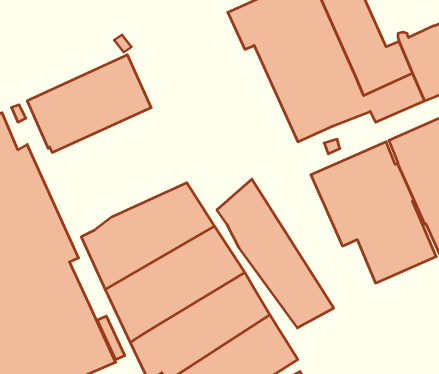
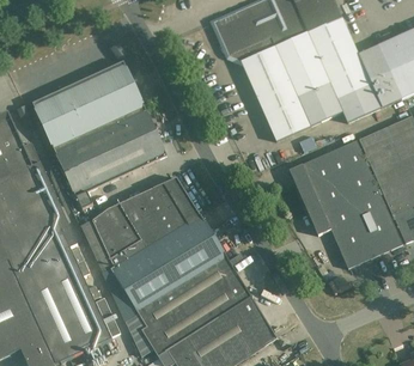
building: none -> [55,109,168,209]
building: [217,179,334,328] -> none

